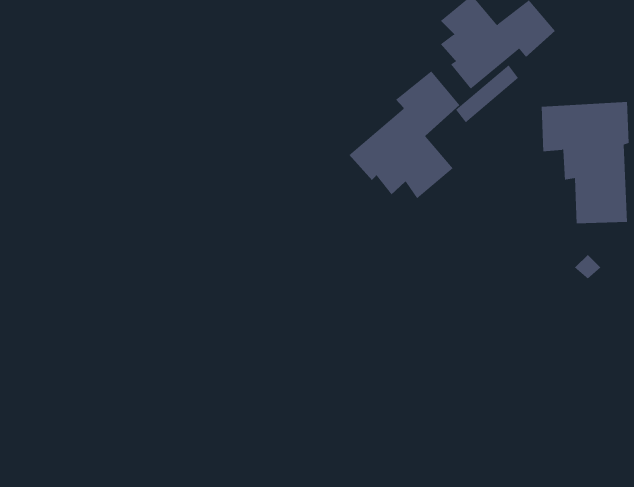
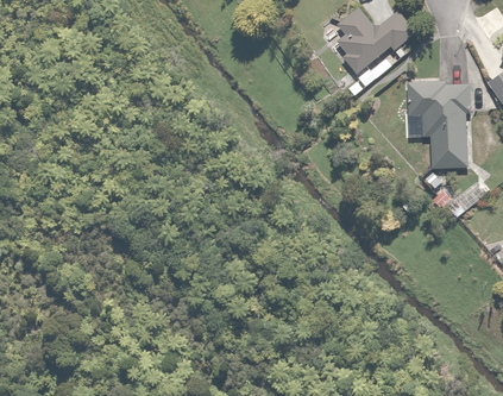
building: [349,71,460,199] -> none

